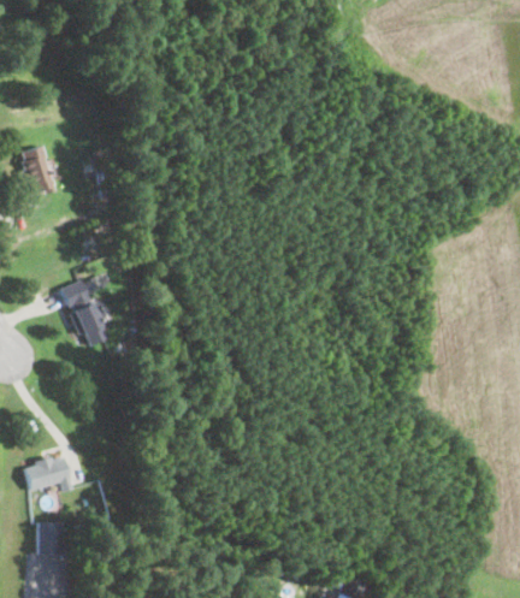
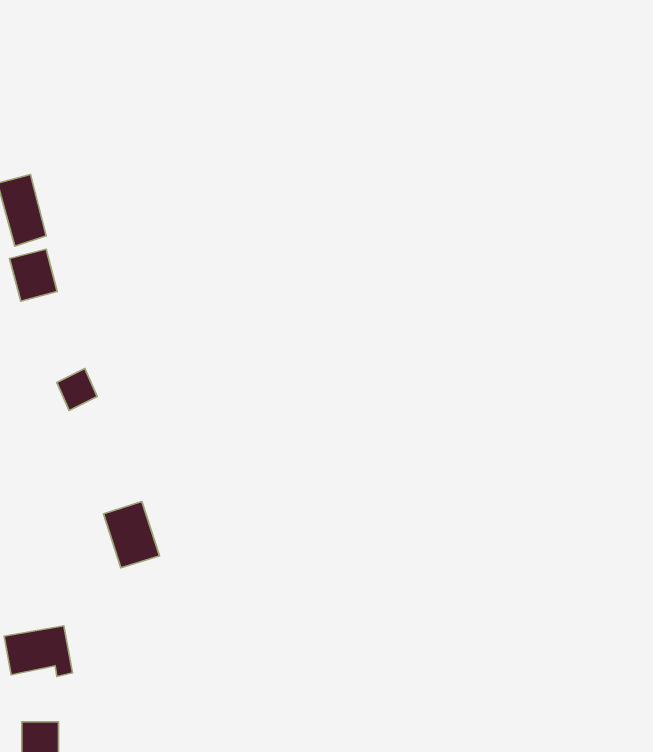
building: none -> [9,249,57,301]
building: [71,302,110,348] -> [103,502,159,568]

